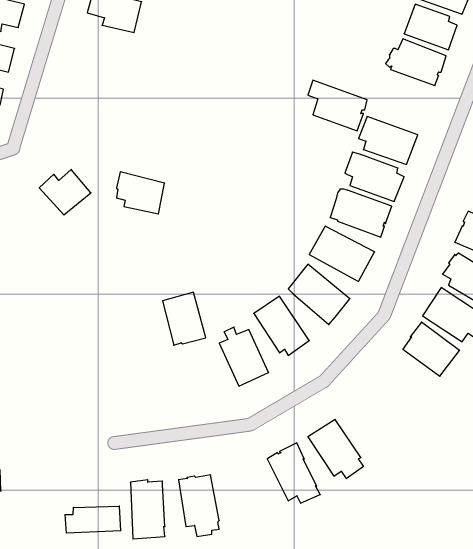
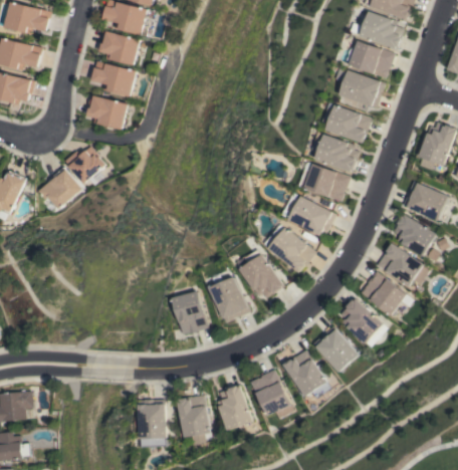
building: none -> [99,31,141,65]
building: none -> [91,61,136,96]
building: [308,80,367,131] -> [336,67,385,108]
building: [117,172,165,214] -> [87,95,127,130]
building: none -> [37,168,81,210]
building: [163,292,206,345] -> [174,291,209,334]
building: none -> [339,298,386,347]
building: none -> [312,326,357,373]
building: none -> [216,386,251,431]
building: [65,506,121,533] -> none

